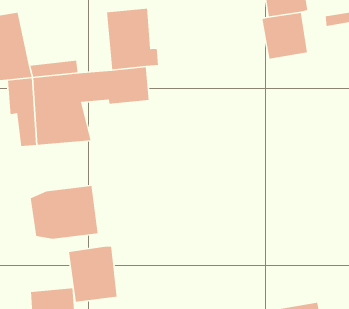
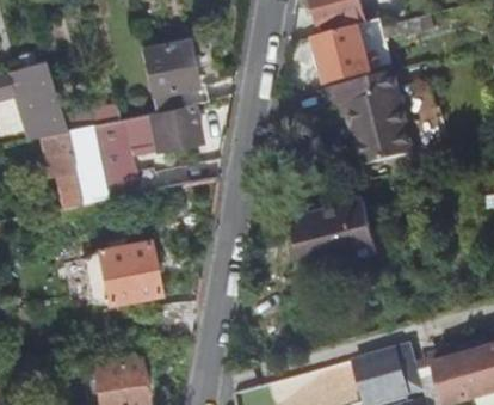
building: none -> [327,72,410,168]
building: none -> [292,201,377,272]
building: [68,246,118,302] -> none

